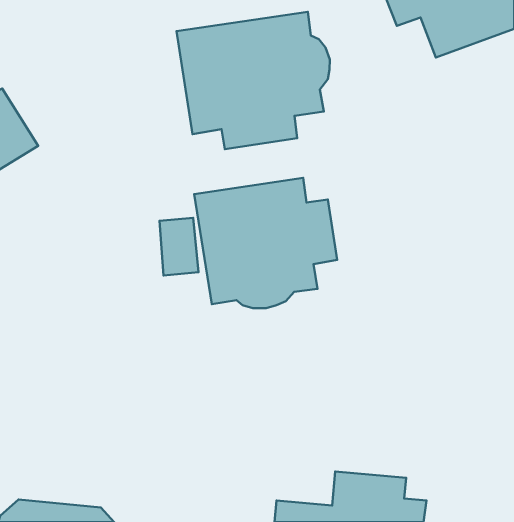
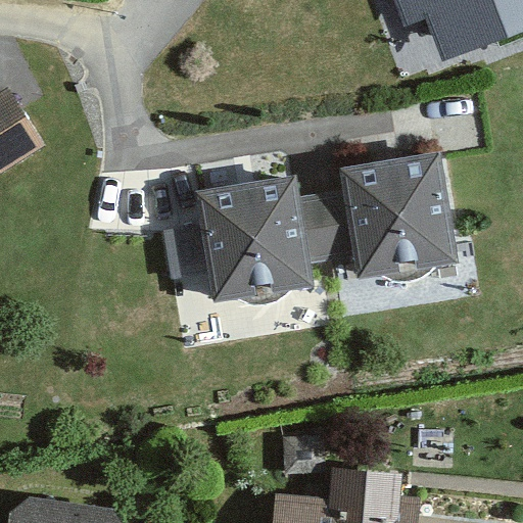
building: [177,12,330,149] -> none
building: none -> [326,158,461,284]

